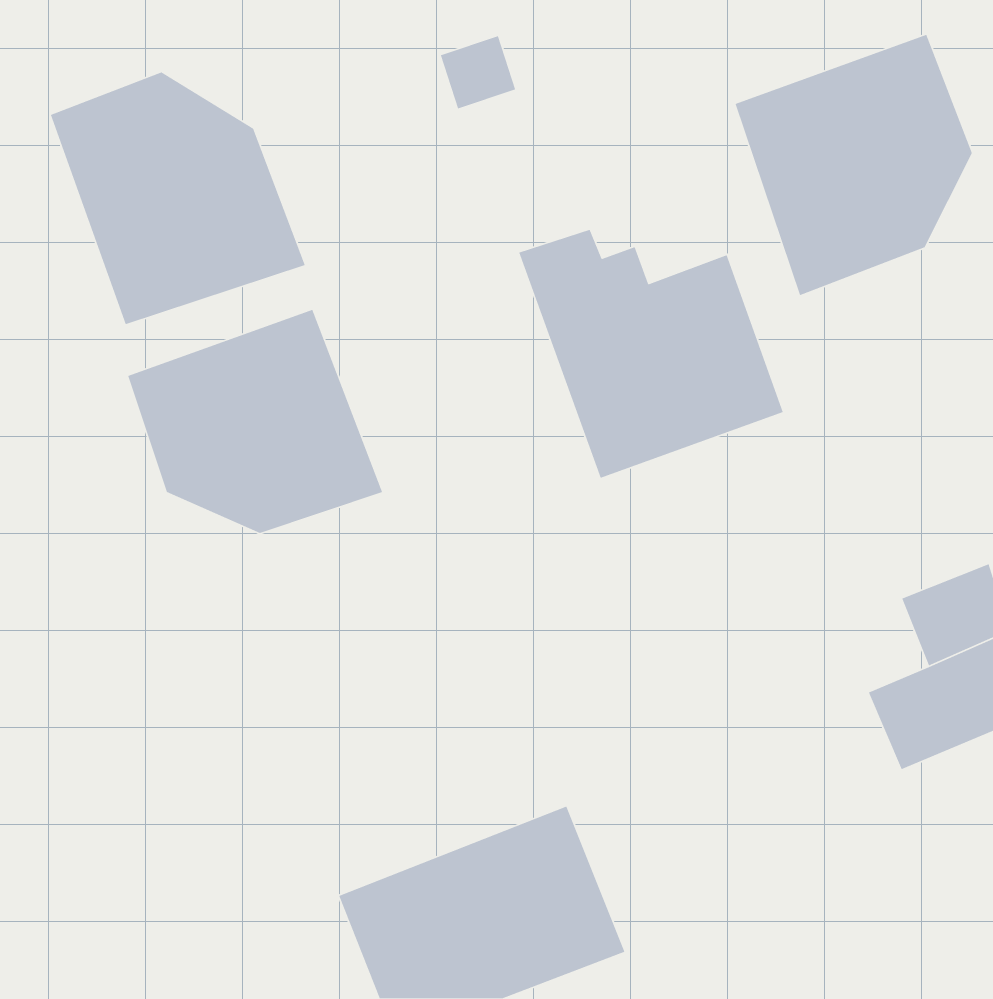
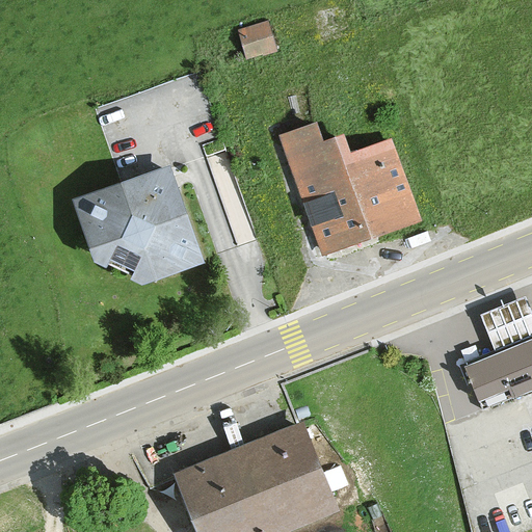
building: [735,34,973,296] -> none
building: [50,72,306,325] -> none

